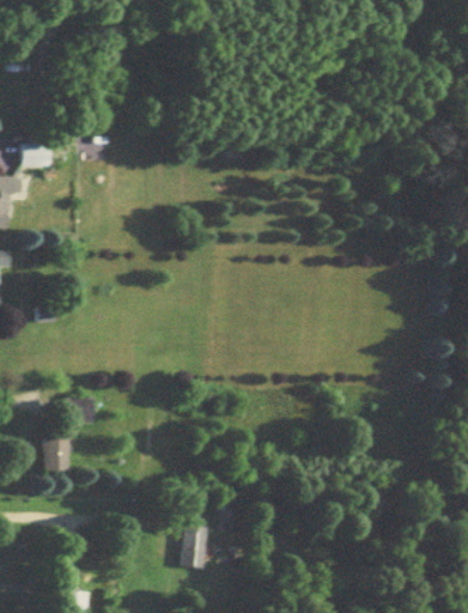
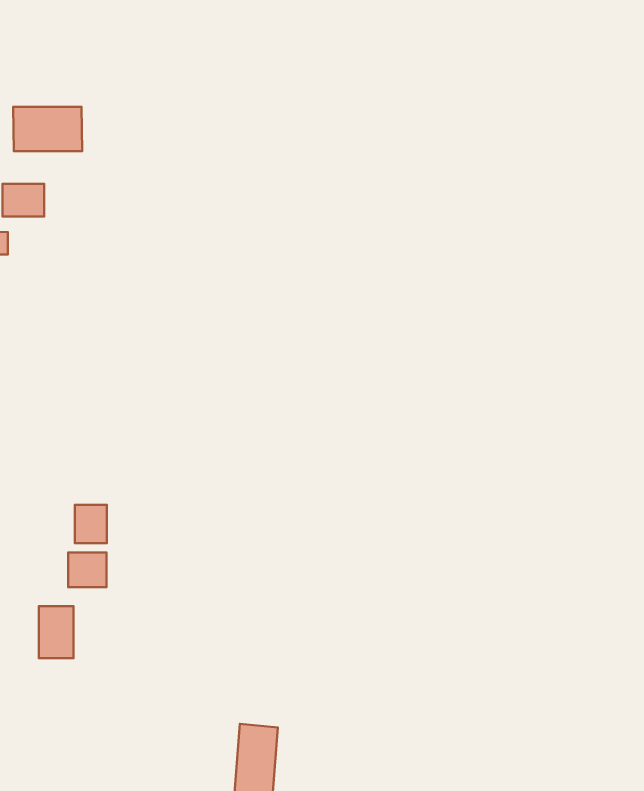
building: none -> [13,107,82,151]
building: none -> [75,505,107,543]

